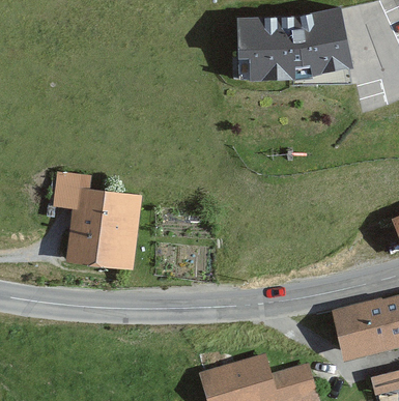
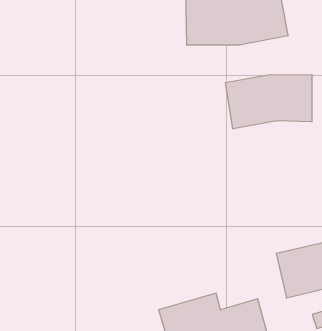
building: none -> [225,75,312,129]
building: [55,172,142,270] -> none

